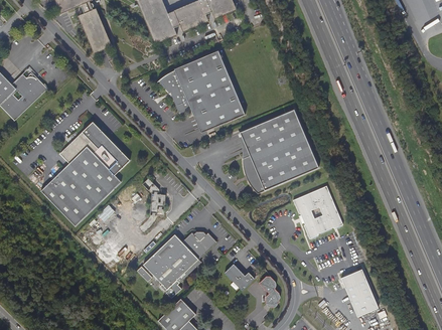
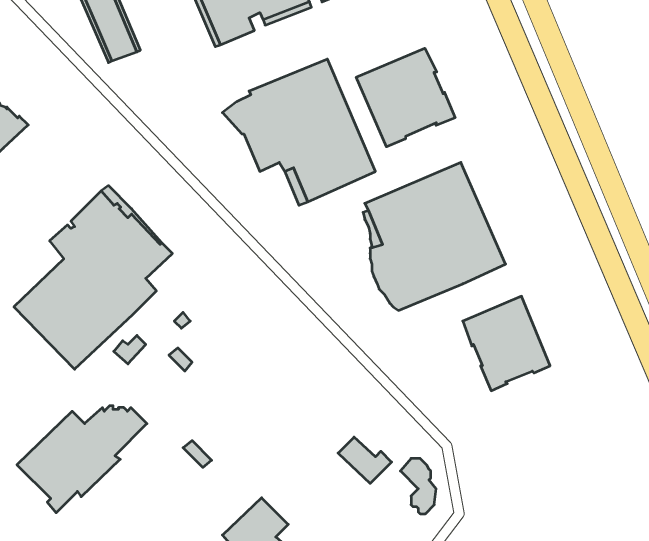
building: none -> [356,48,455,147]
building: [143,230,216,291] -> [17,406,147,513]
building: [341,269,378,316] -> none

